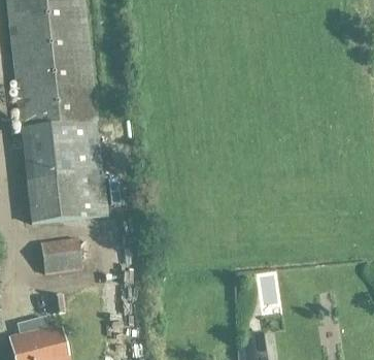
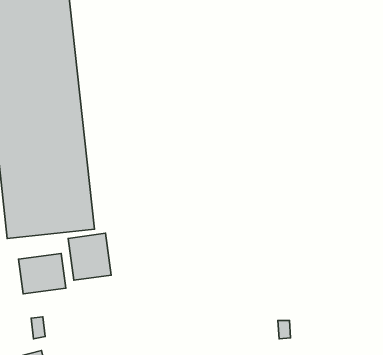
building: none -> [68,233,111,280]

